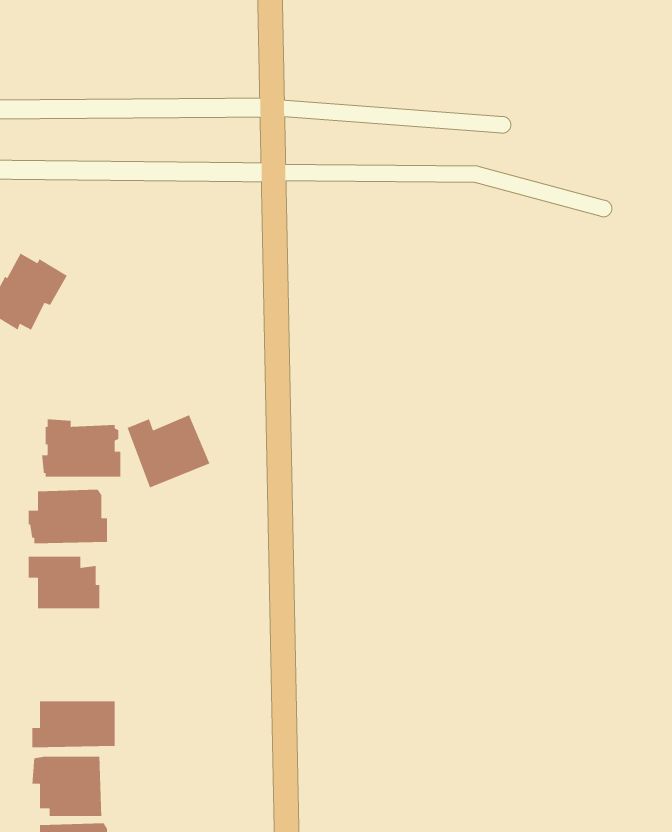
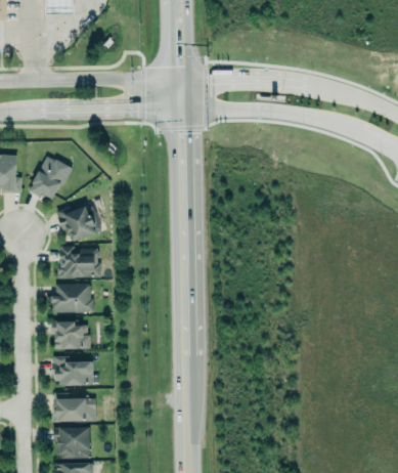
building: [127,414,211,489] -> [57,205,102,245]
building: none -> [51,356,92,385]

